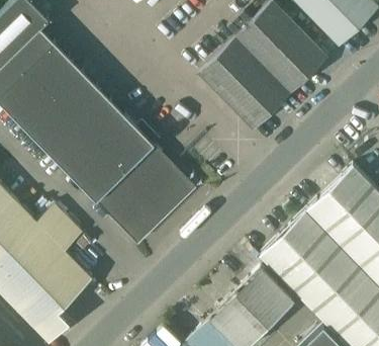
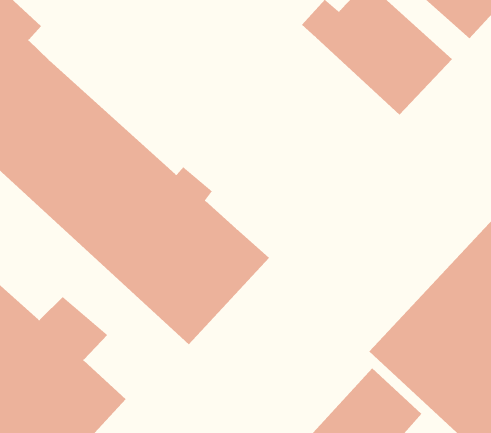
building: [198,39,290,133] -> none

